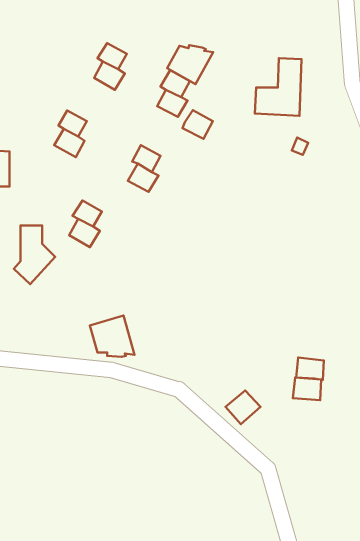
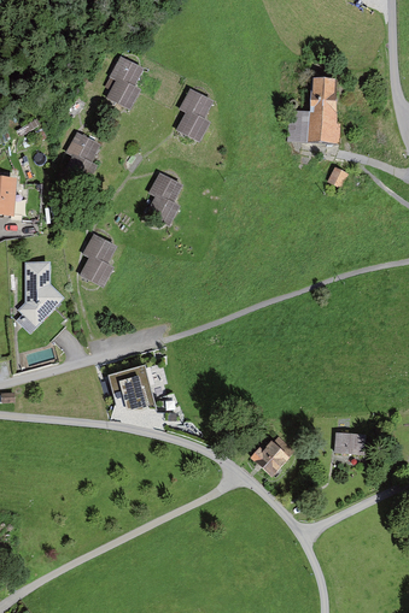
building: [167,45,213,84] -> none
building: [182,110,213,139] -> none
building: [296,357,324,380] -> none

